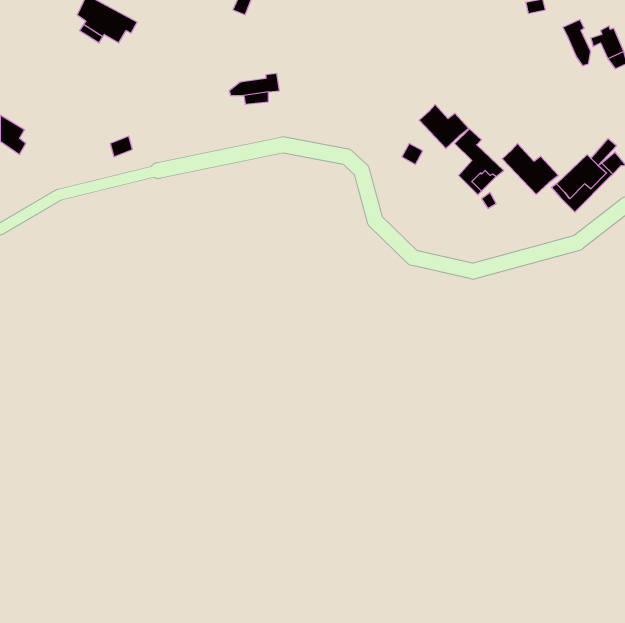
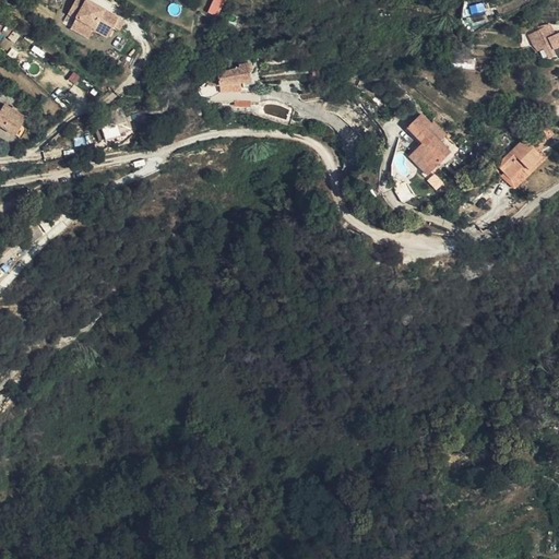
building: [563,20,590,66] -> none
building: [419,105,469,149] -> none
building: [502,143,558,194] -> none

